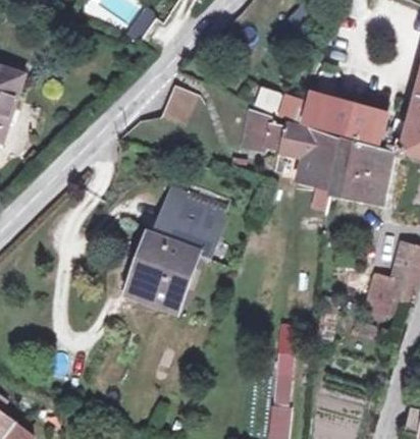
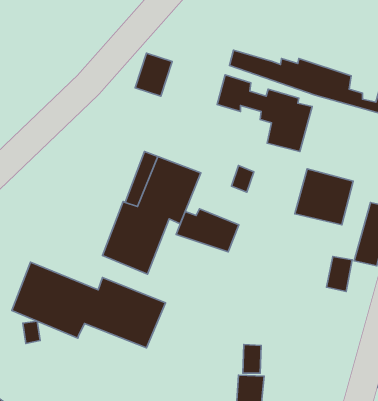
building: [328,144,386,200] -> [295,169,353,225]
building: none -> [176,209,239,252]
building: none -> [12,262,166,348]

